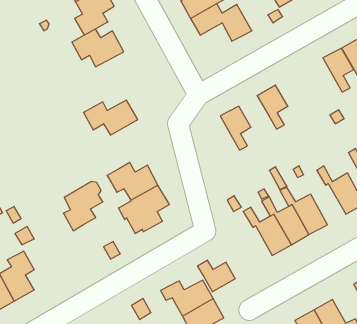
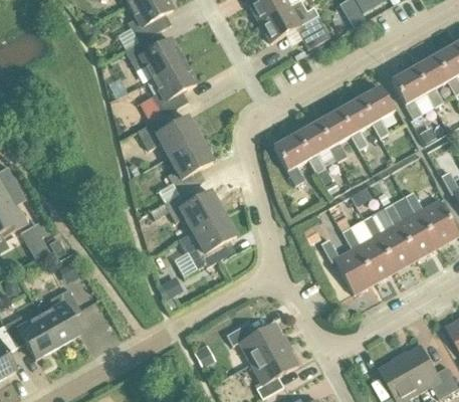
building: none -> [151,60,196,116]
building: none -> [391,67,426,119]
building: none -> [358,85,394,137]
building: none -> [315,111,351,161]
building: none -> [273,134,308,185]
building: none -> [384,203,438,258]
building: [63,182,103,231] -> [168,138,213,194]
building: [198,260,235,292] -> none

